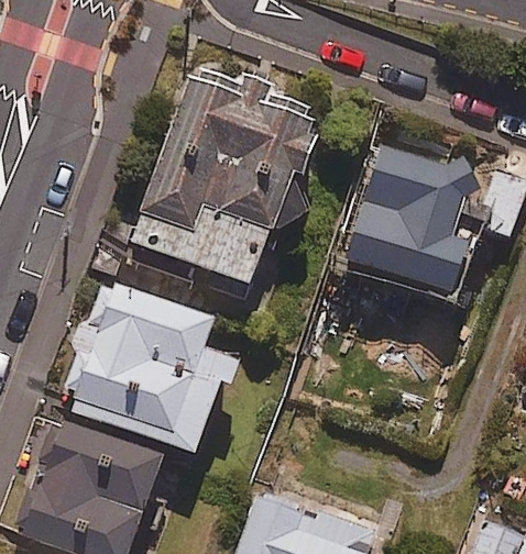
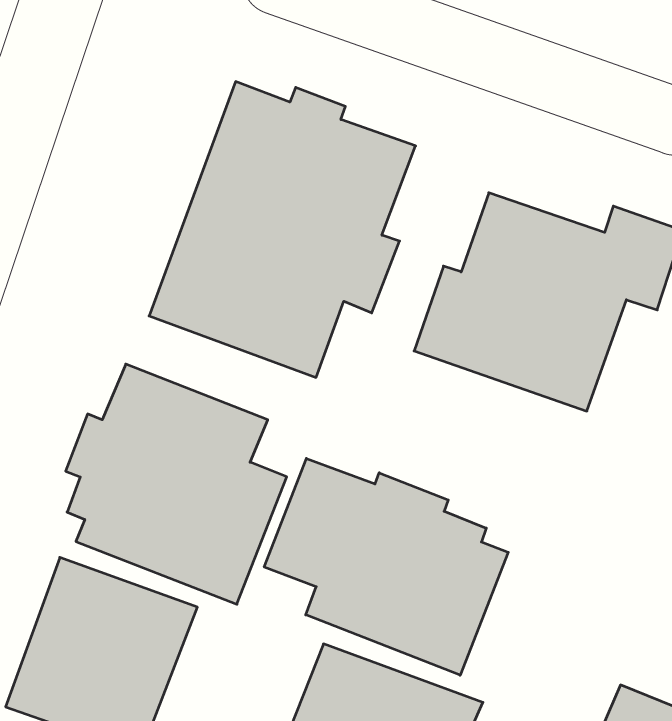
building: none -> [264,458,508,675]

